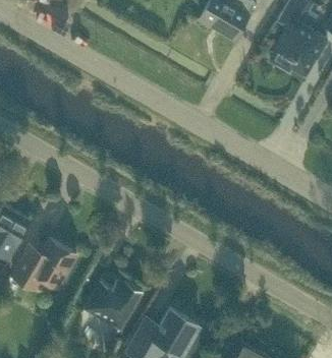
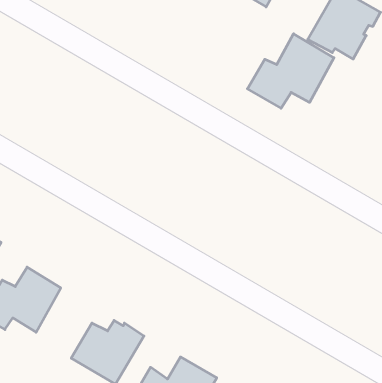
building: none -> [247,34,334,108]

